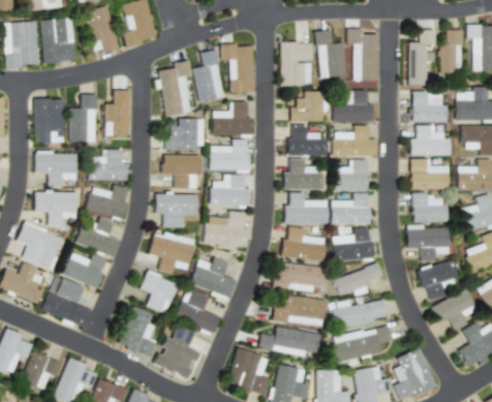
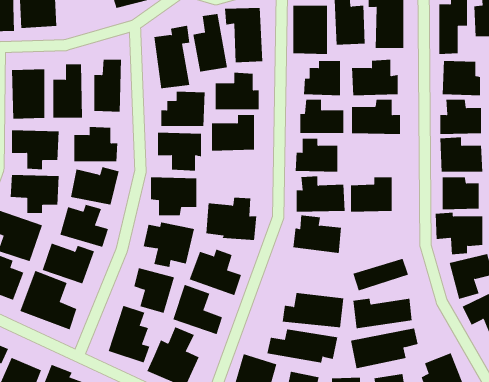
building: [334,159,368,190] -> none
building: [211,174,250,206] -> none
building: [333,227,372,260] -> none
building: [274,262,326,291] -> none

